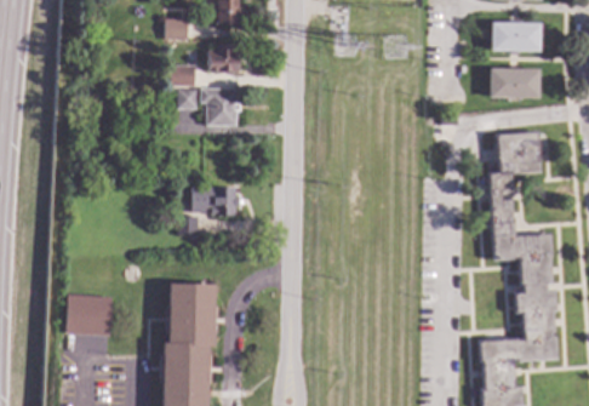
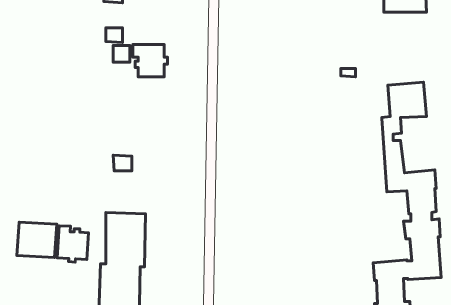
building: [210,42,239,72] -> none
building: [491,68,539,97] -> none
building: [193,187,240,215] -> none
building: none -> [57,226,88,262]

